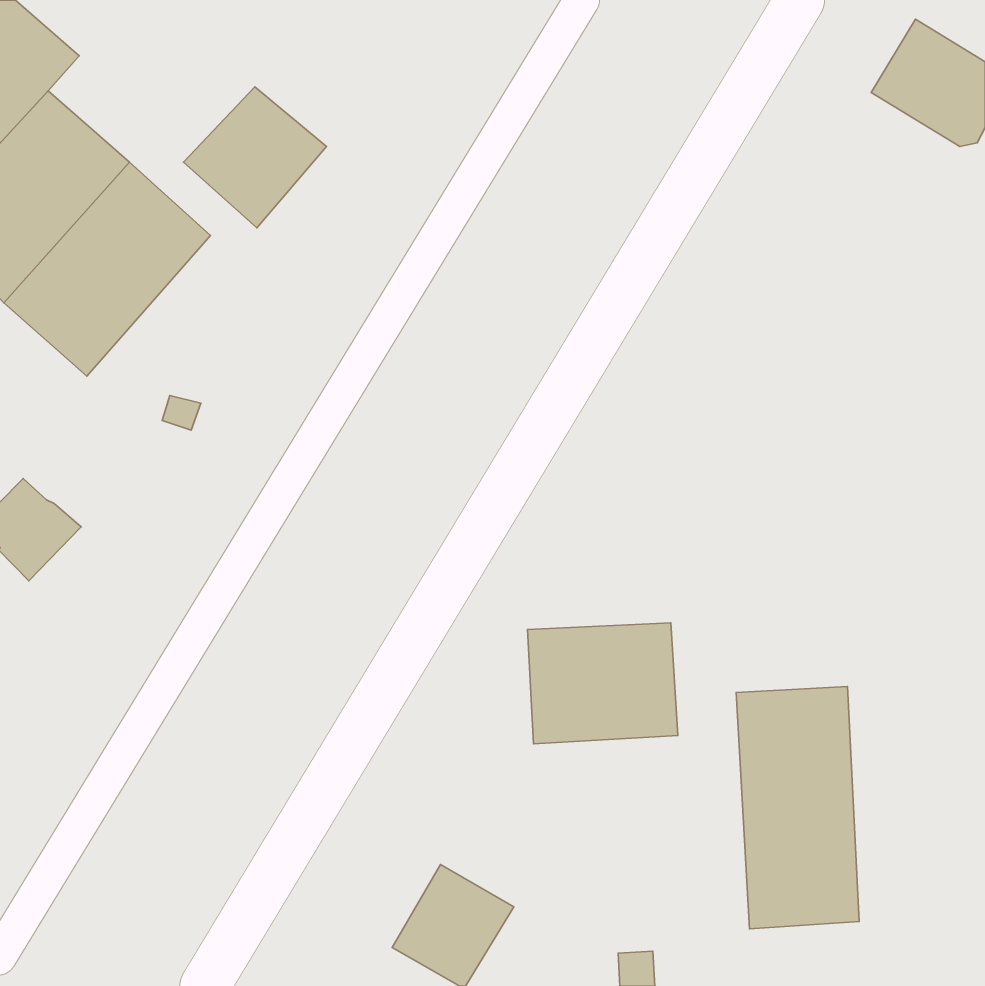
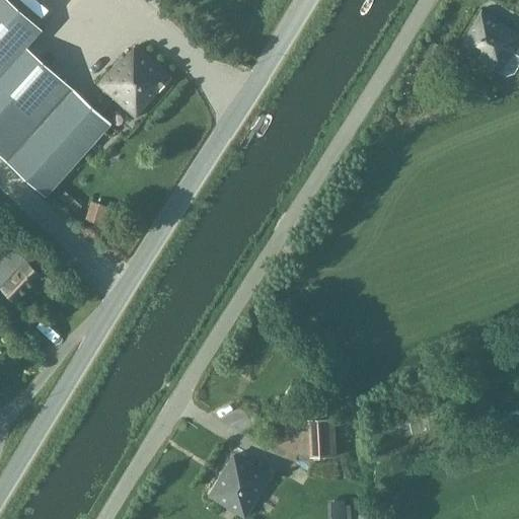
building: [527,623,678,744] -> none
building: [736,687,859,929] -> none
building: none -> [306,420,335,459]

